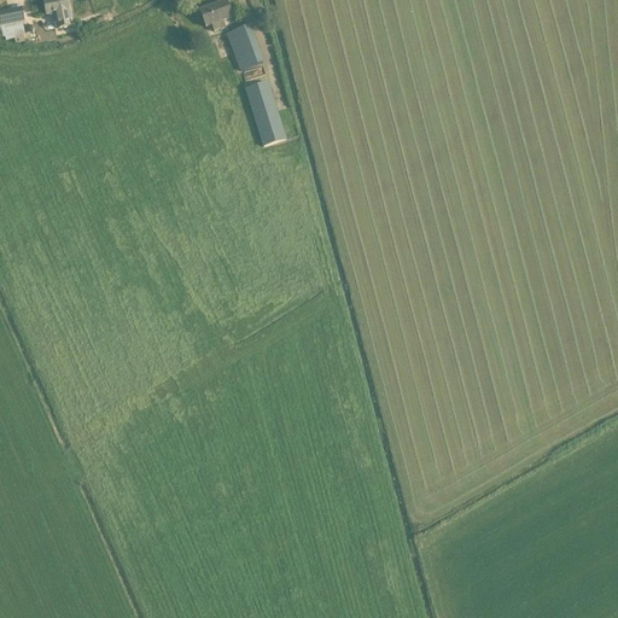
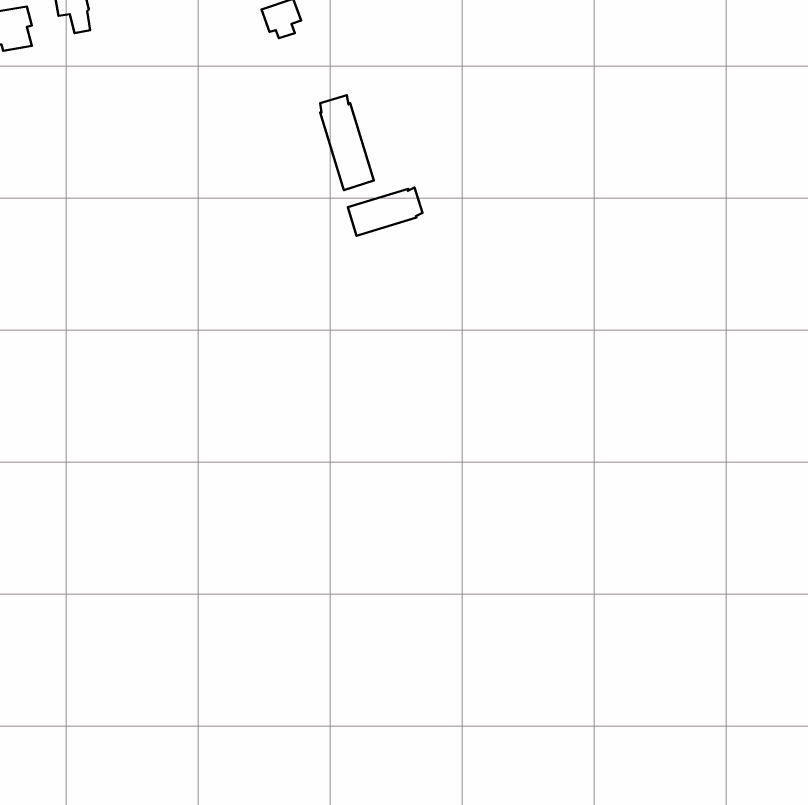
building: [225,22,263,69] -> none
building: none -> [348,188,423,236]

